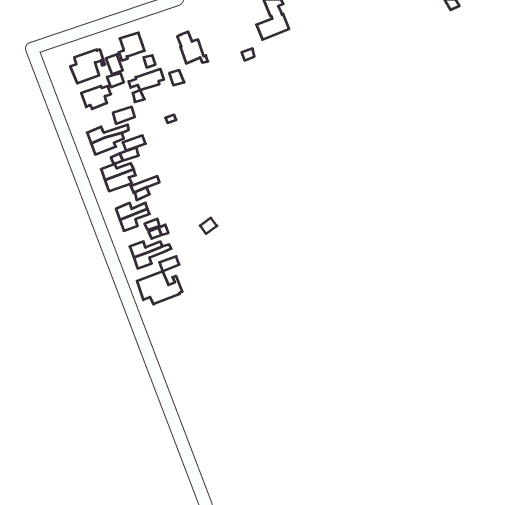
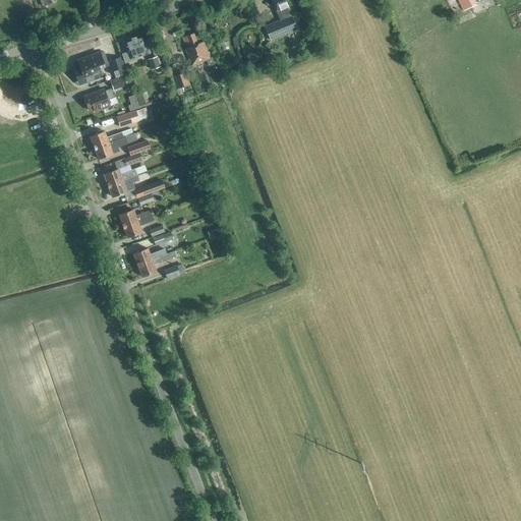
building: [129,69,164,90] -> none
building: [137,271,182,304] -> none

